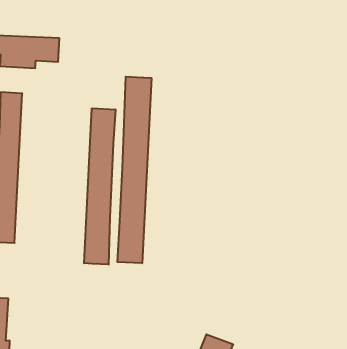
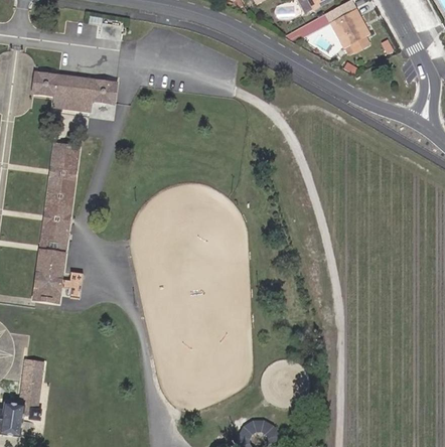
building: [117,77,151,263] -> none
building: [84,108,115,265] -> none

